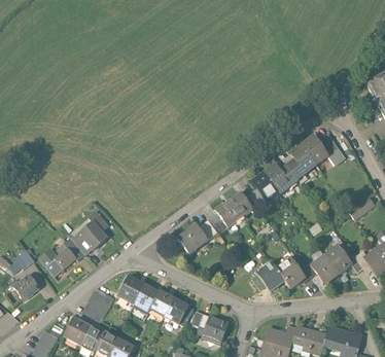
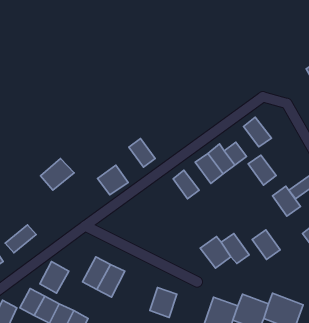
building: [286,142,316,174] -> [248,155,276,185]
building: [212,198,240,228] -> [129,138,155,167]
building: [74,219,110,253] -> [40,159,74,190]
building: [175,222,208,254] -> [97,165,128,195]
building: [323,242,353,274] -> [272,186,300,216]
building: [112,273,142,308] -> none
building: [159,296,187,331] -> none

